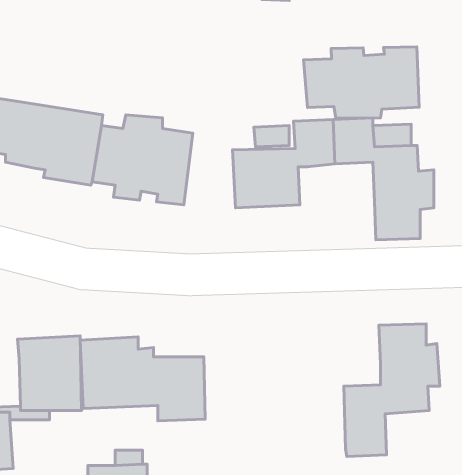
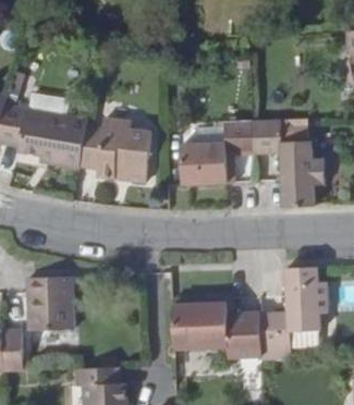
building: [304,47,419,118] -> none
building: [80,337,205,421] -> [171,298,260,358]

